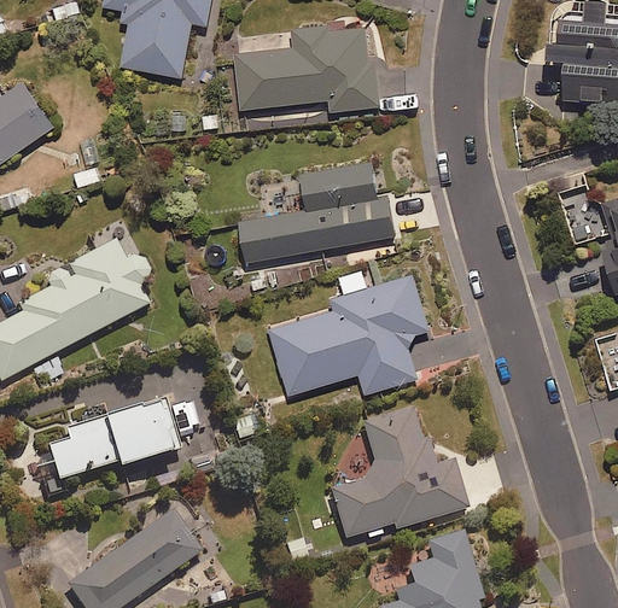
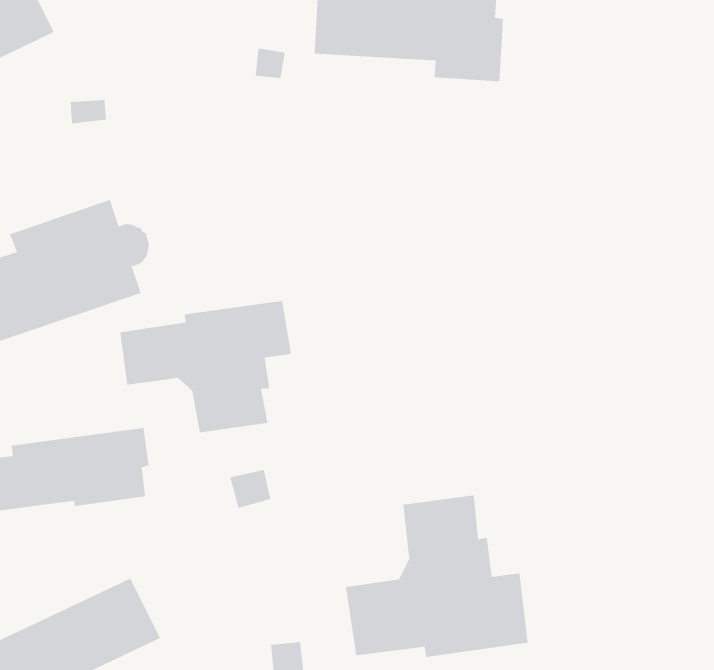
building: [237,160,393,263] -> none
building: [269,275,428,396] -> none
building: none -> [120,300,291,433]

